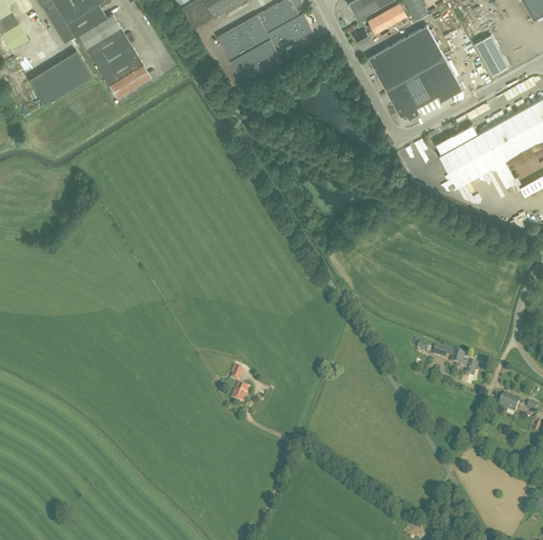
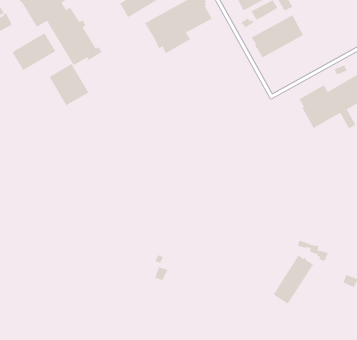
building: [475,34,509,75] -> none
building: [384,53,463,118] -> none
building: none -> [49,63,89,106]
building: none -> [273,255,314,304]

